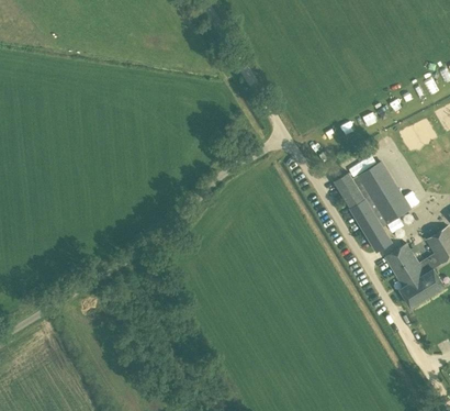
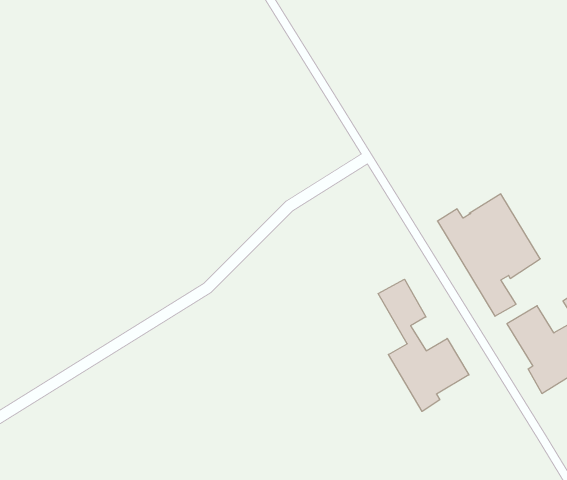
building: none -> [378,279,469,411]

